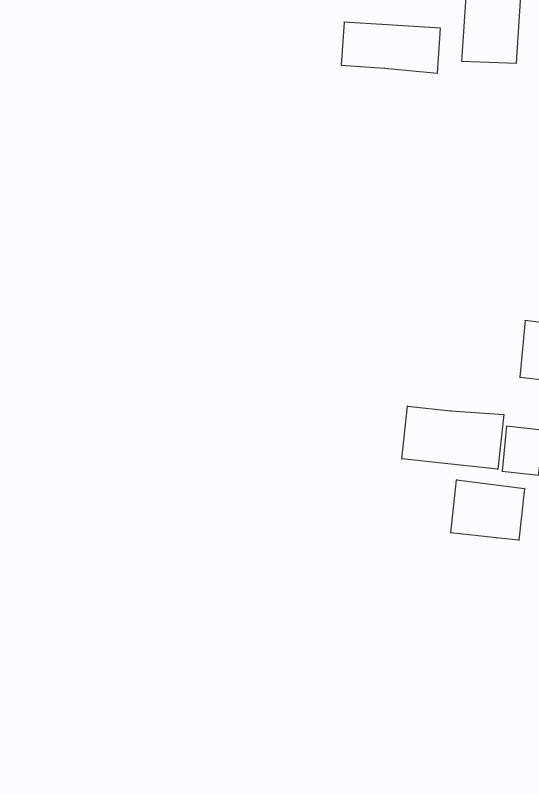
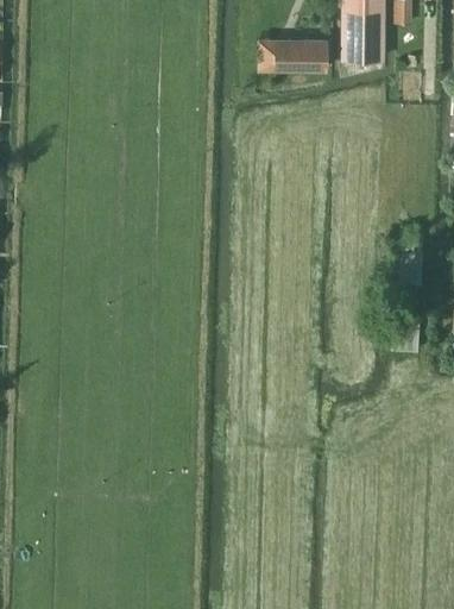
building: [402,406,504,469] -> none
building: [451,480,525,540] -> none

